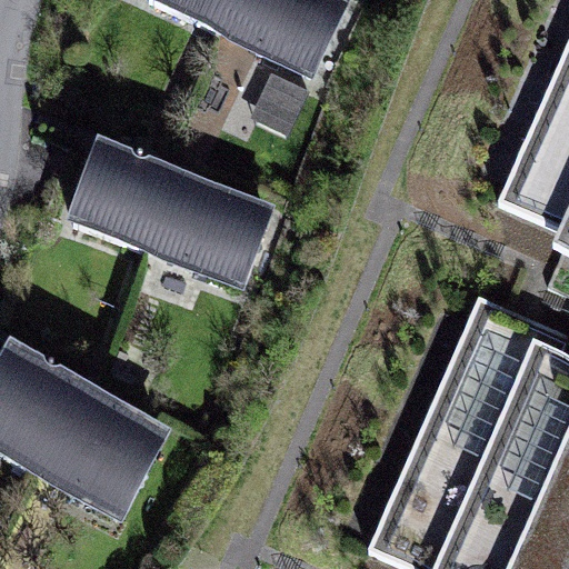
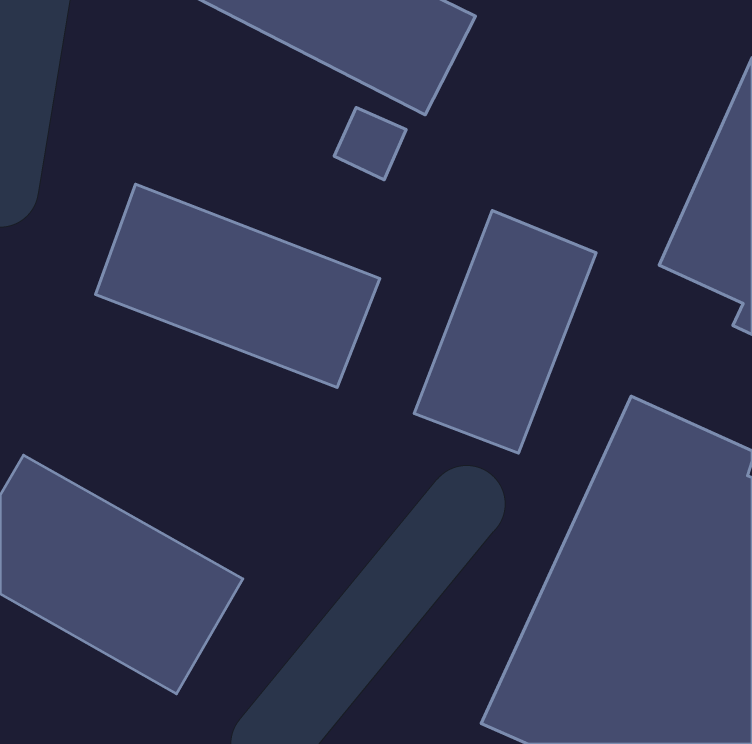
building: none -> [414,210,596,453]

